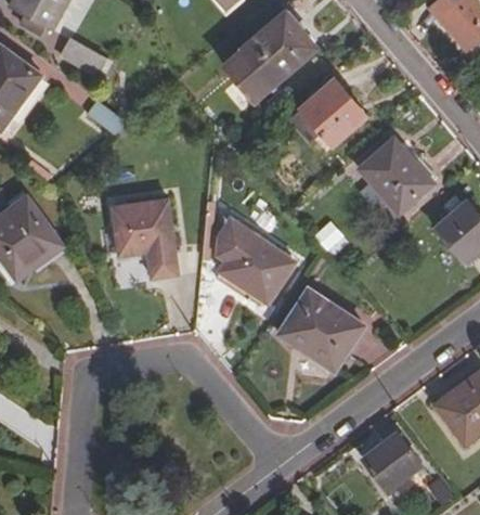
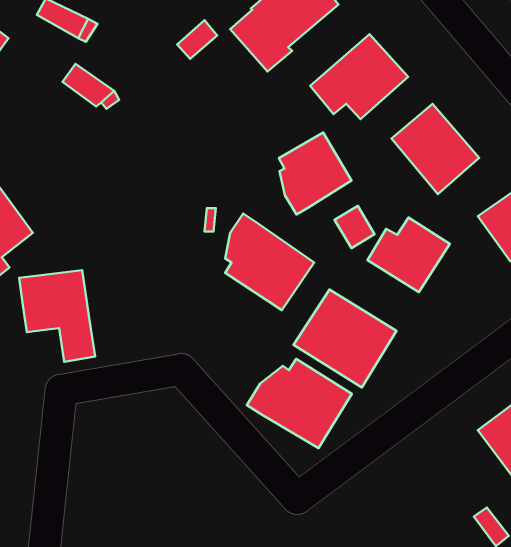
building: none -> [279,133,352,215]
building: [114,208,178,285] -> [19,270,95,362]
building: none -> [368,217,450,292]
building: none -> [247,359,352,448]
building: [360,434,418,492] -> none

